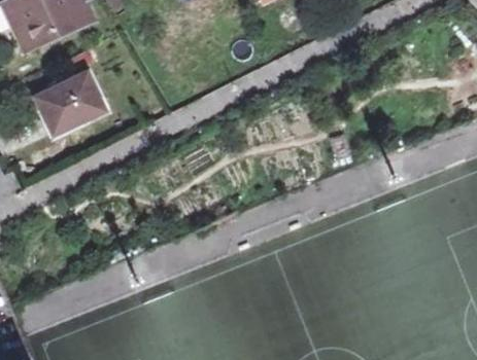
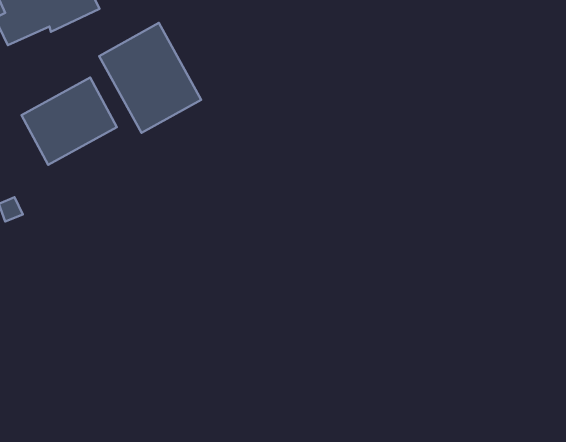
building: none -> [99,23,201,133]

